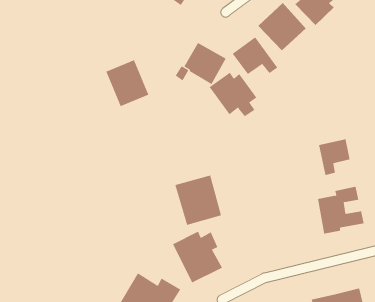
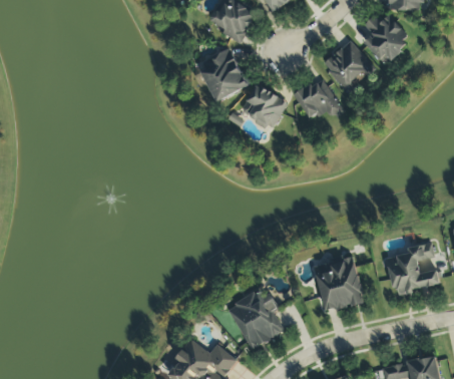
building: [105,60,149,107] -> [199,48,248,100]
building: [209,72,257,117] -> none
building: [318,139,350,176] -> none
building: [175,175,222,226] -> [313,256,365,312]

